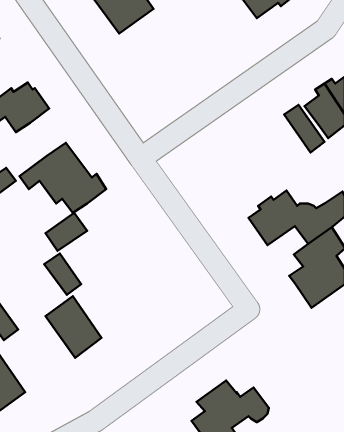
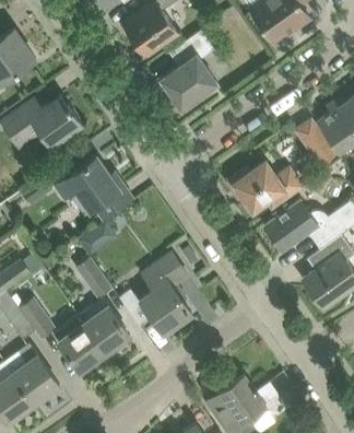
building: none -> [161,31,216,108]
building: none -> [232,163,302,210]
building: none -> [118,253,191,333]
building: none -> [52,316,105,372]

